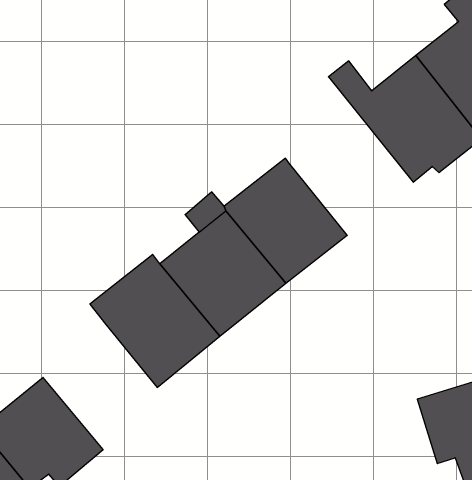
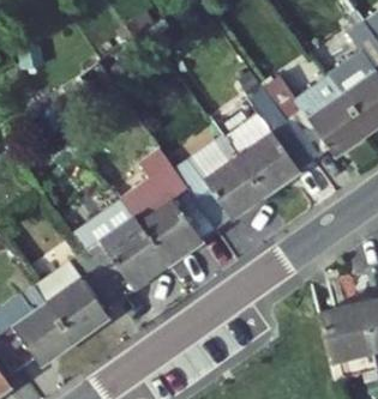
building: none -> [226,77,316,193]
building: none -> [37,248,120,339]

